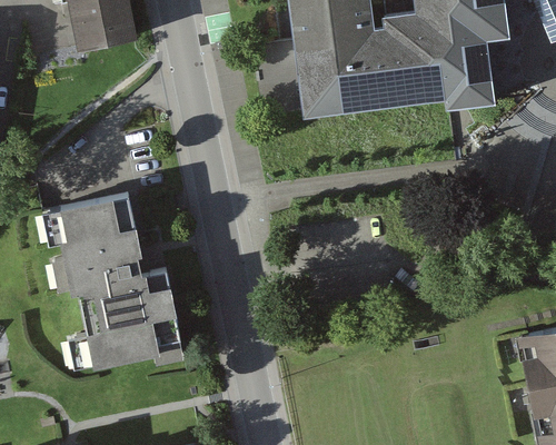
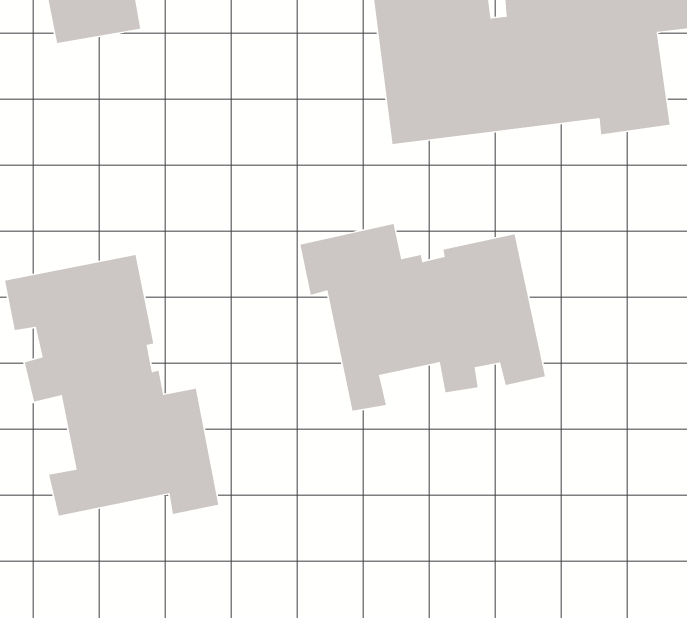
building: none -> [299,223,546,412]

